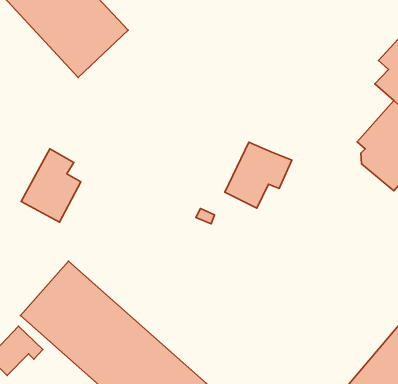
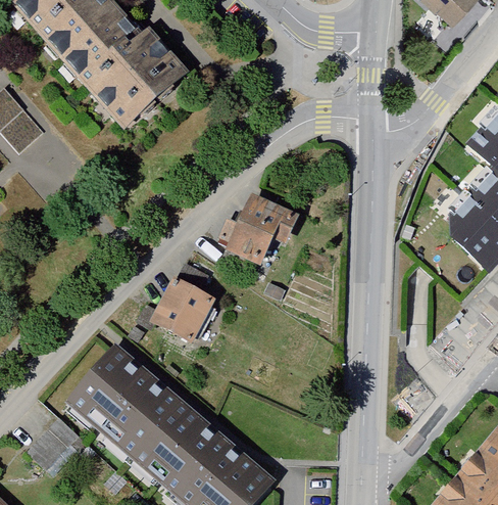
building: [225,142,292,208] -> [230,196,306,272]
building: [21,149,81,222] -> [152,264,220,348]

